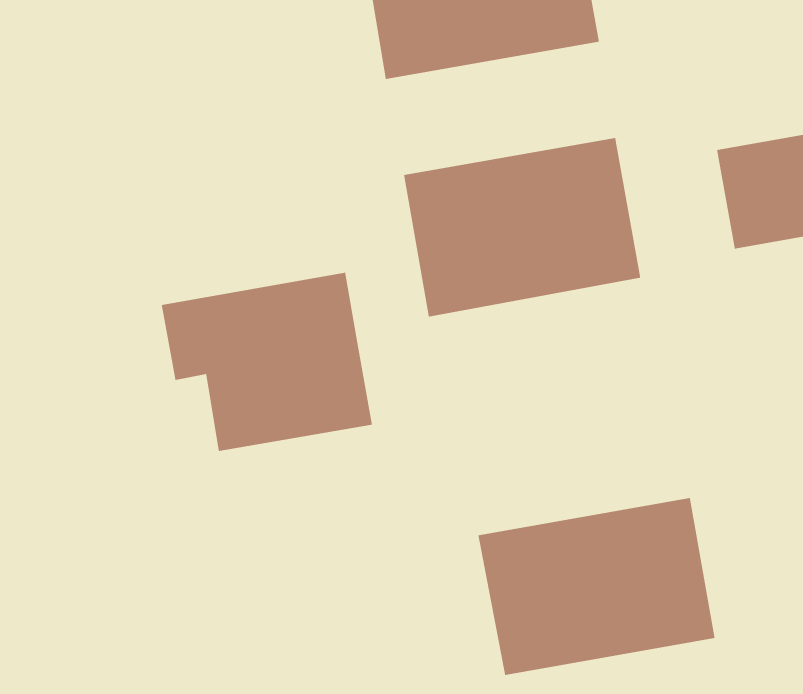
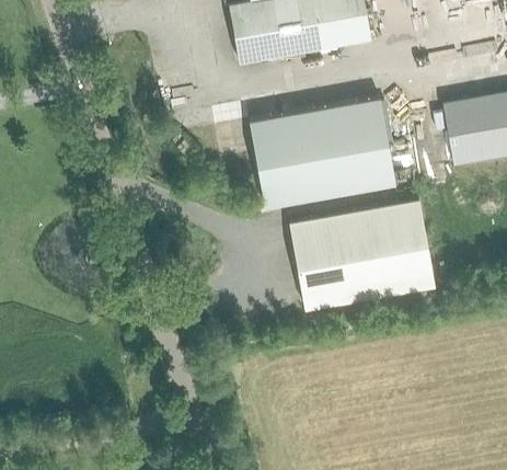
building: [161,272,373,452] -> none
building: [478,497,716,676] -> [289,200,435,310]

